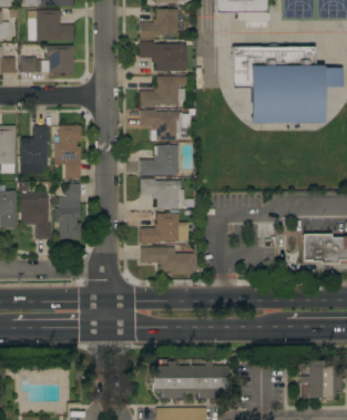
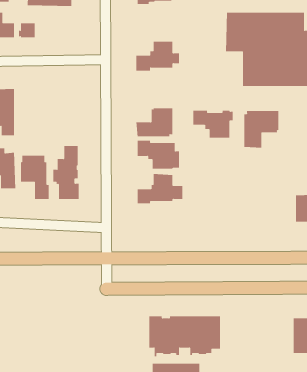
building: [140,42,186,72] -> none
building: [41,45,74,73] -> none
building: [140,111,182,140] -> [193,110,234,138]
building: [21,125,50,174] -> none
building: [54,125,81,178] -> none
building: none -> [244,110,279,148]
building: [141,247,194,275] -> none

